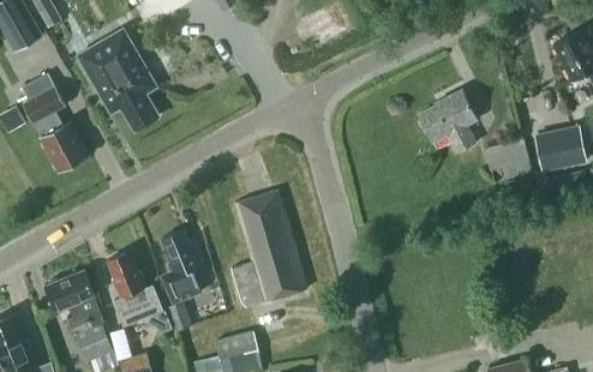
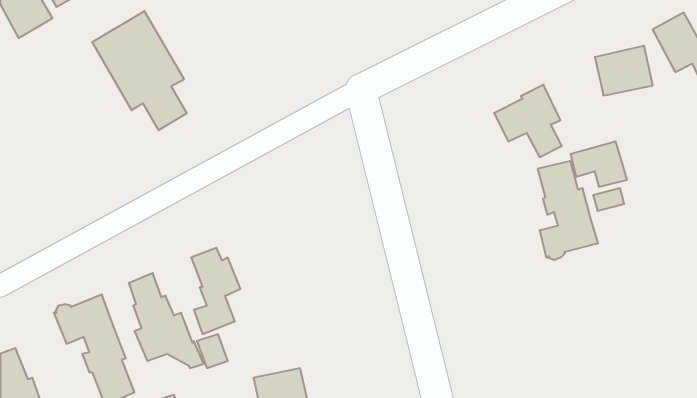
building: [20,74,88,170] -> none
building: [537,128,586,170] -> [595,46,653,95]
building: none -> [538,161,598,260]
building: [232,190,306,306] -> none

